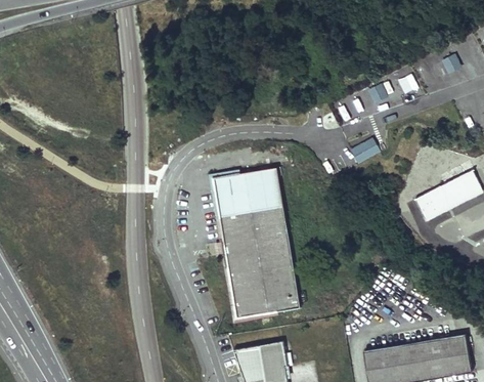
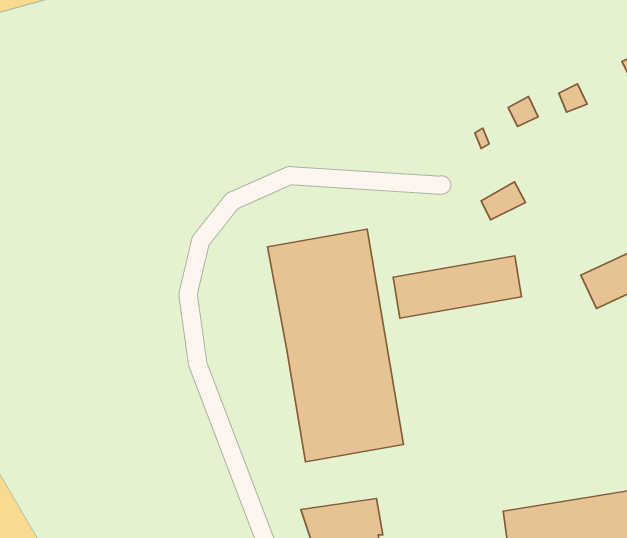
building: none -> [393,256,522,318]

